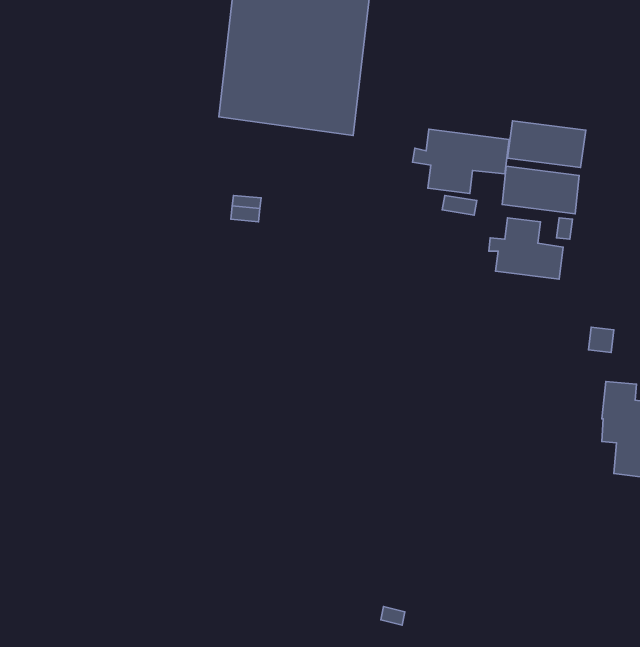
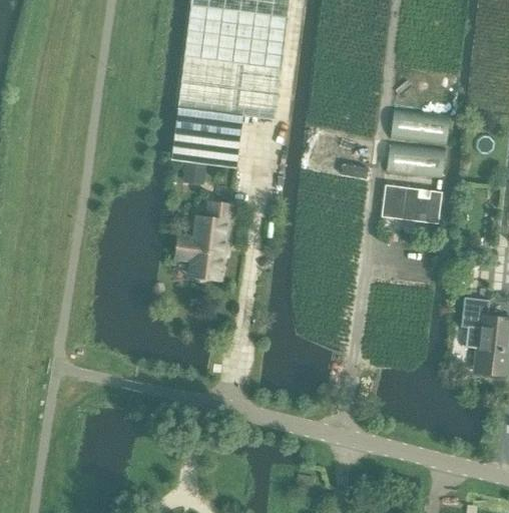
building: none -> [171,105,245,165]
building: [413,129,509,194] -> none
building: none -> [175,203,229,281]

